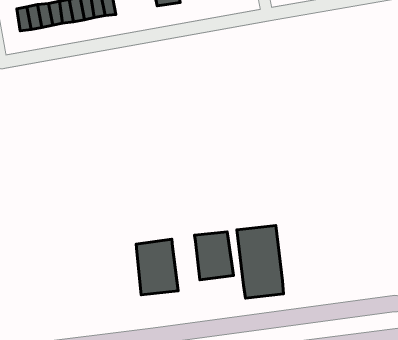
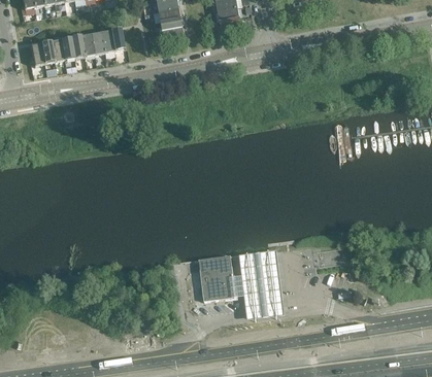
building: [136,239,178,295] -> none

